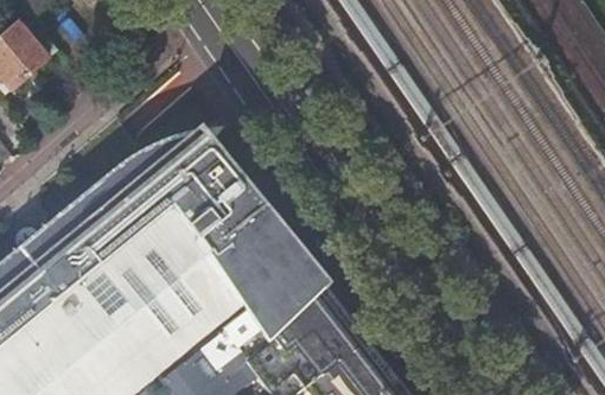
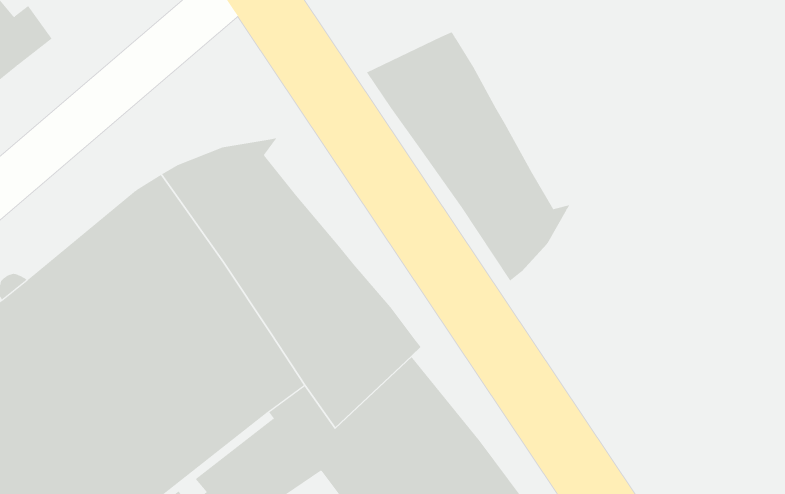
building: none -> [366,32,570,281]

